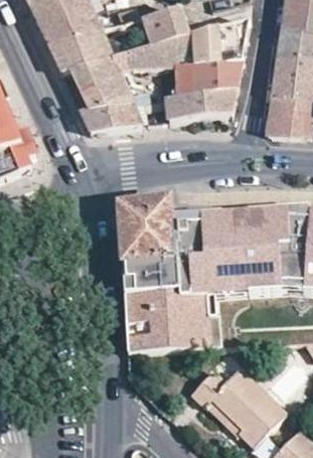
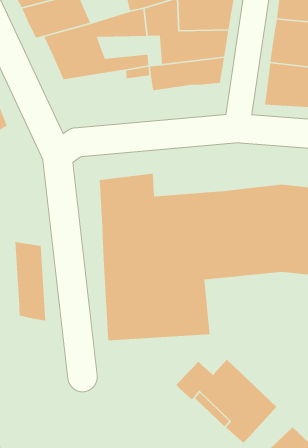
building: [77,102,139,131] -> none
building: none -> [14,241,46,321]

